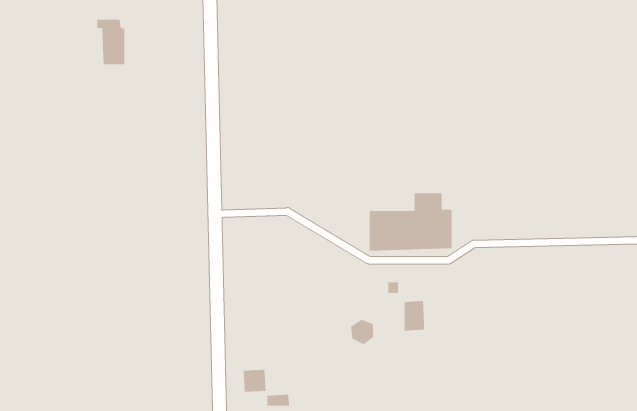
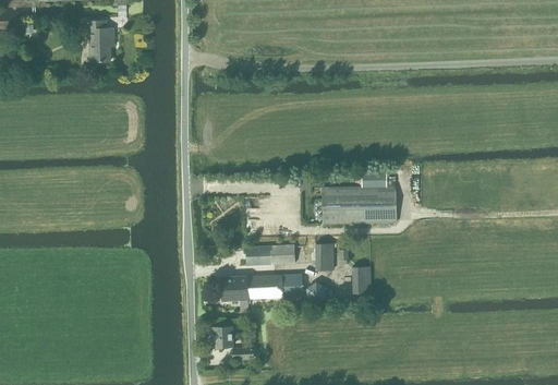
building: none -> [316,242,333,269]
building: none -> [245,243,295,265]
building: none -> [221,273,303,310]

